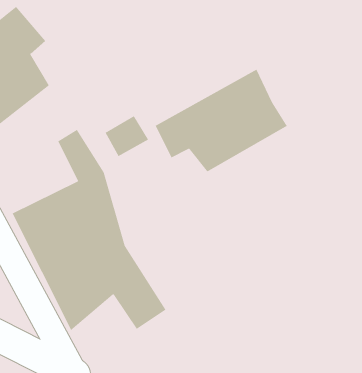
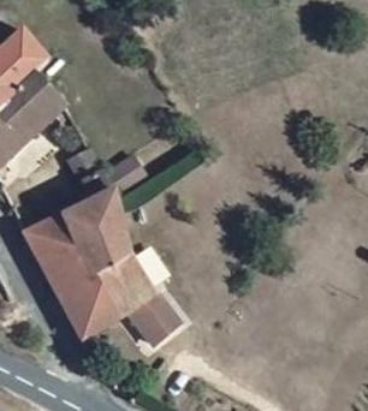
building: [155,68,288,172] -> none

